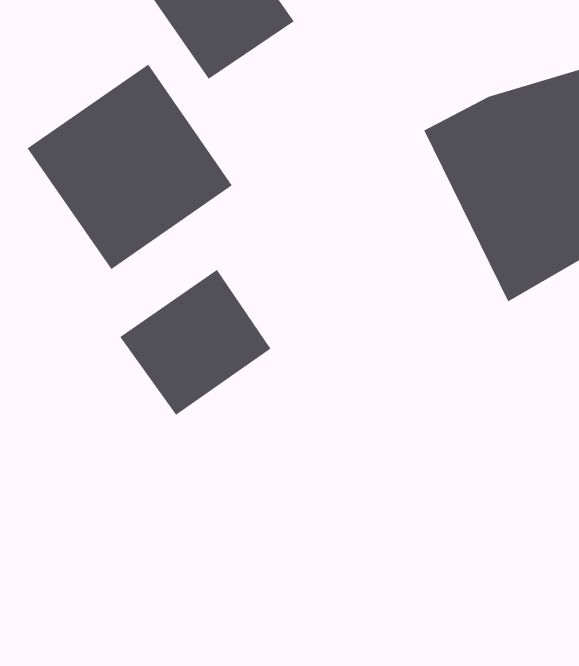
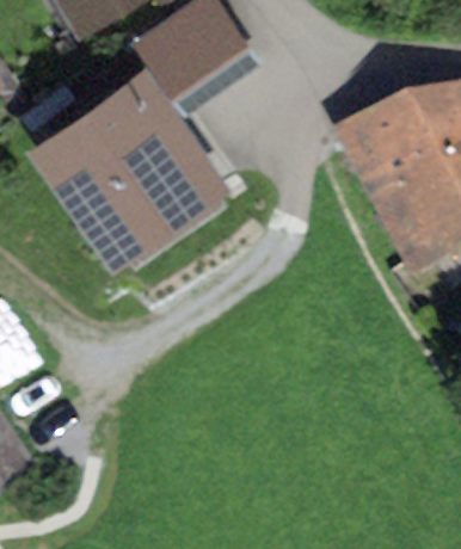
building: [119,269,271,416] -> none

